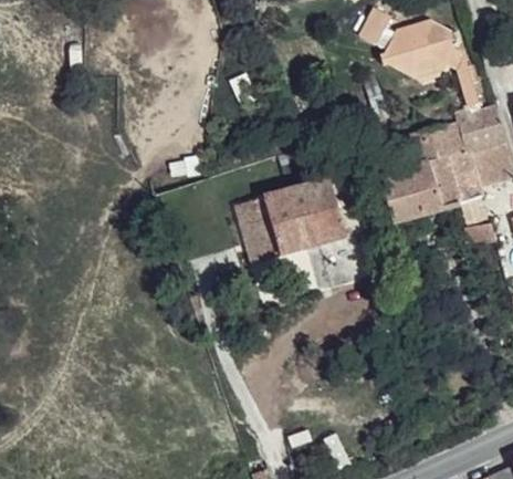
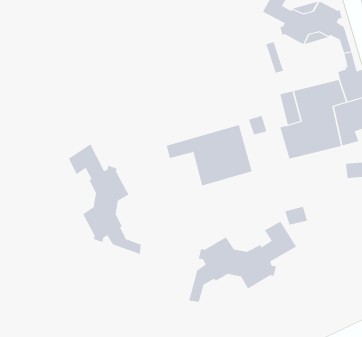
building: none -> [68,143,141,255]
building: [240,214,281,264] -> none
building: none -> [189,221,297,303]

